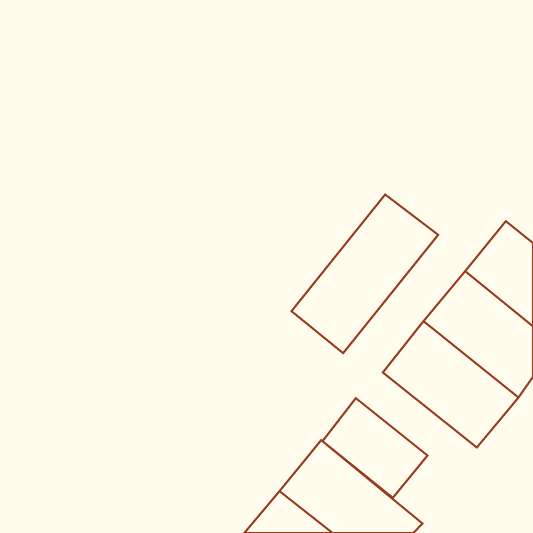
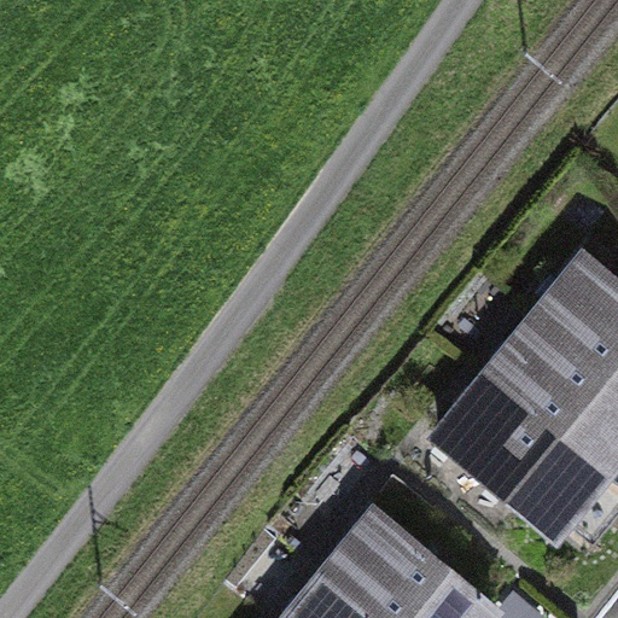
building: [291,194,438,353] -> none
building: [322,398,427,498] -> none

